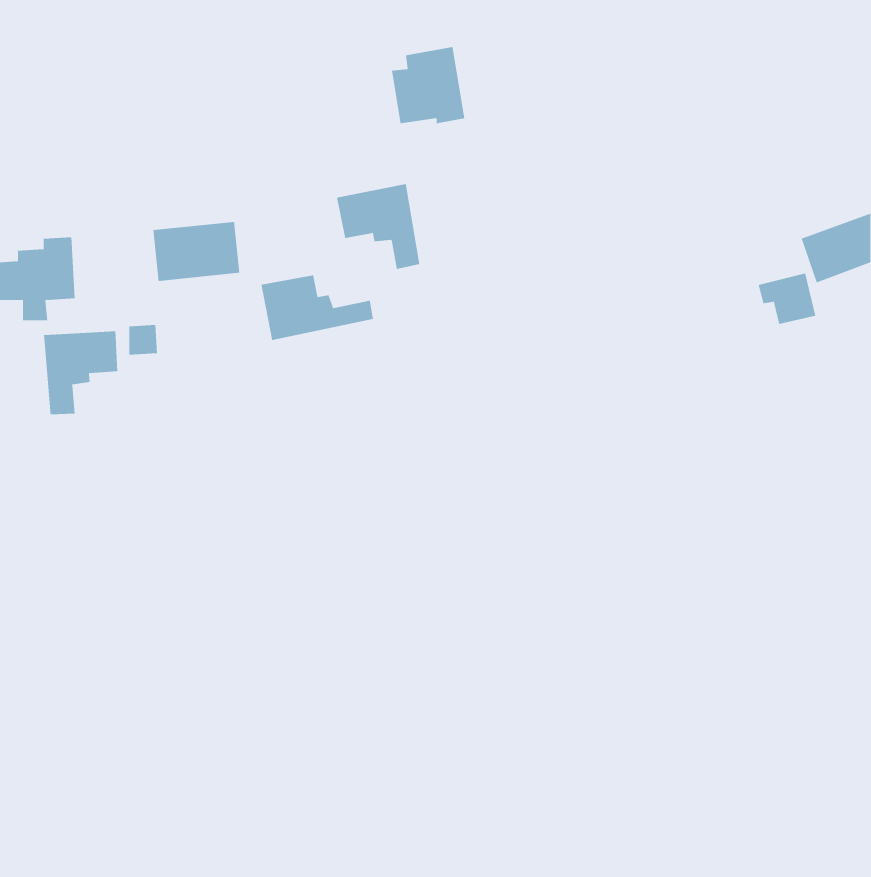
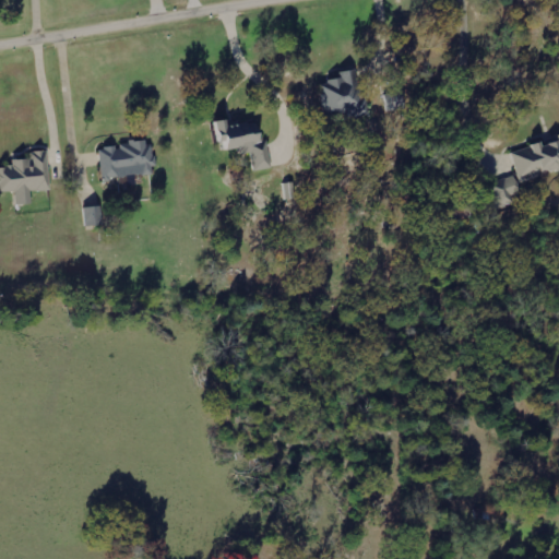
building: [391,47,465,124] -> [318,69,365,118]
building: [261,274,373,341] -> none
building: [43,330,118,415] -> none

